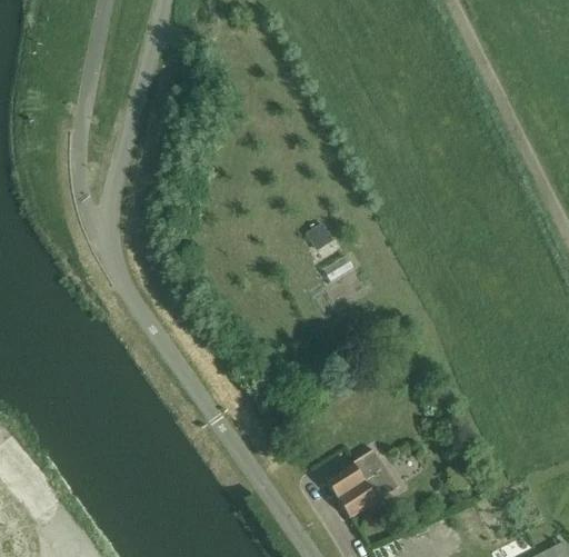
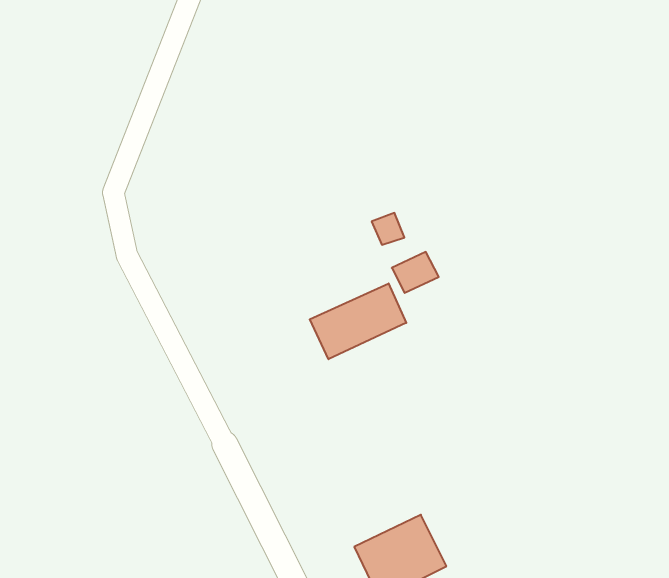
building: none -> [310,283,406,359]

